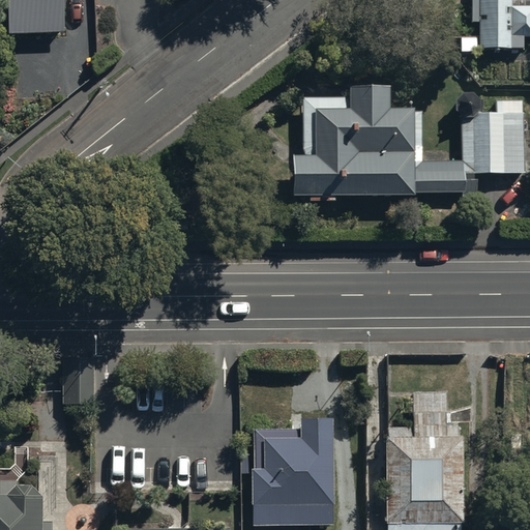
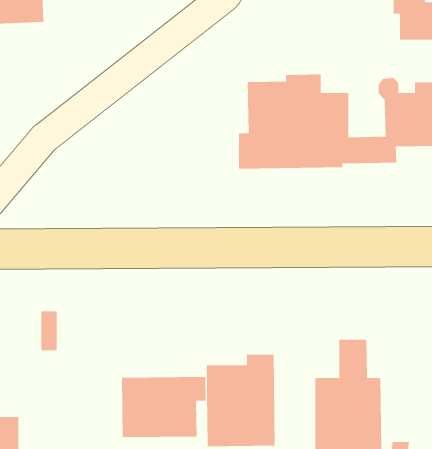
building: none -> [122,376,206,438]

